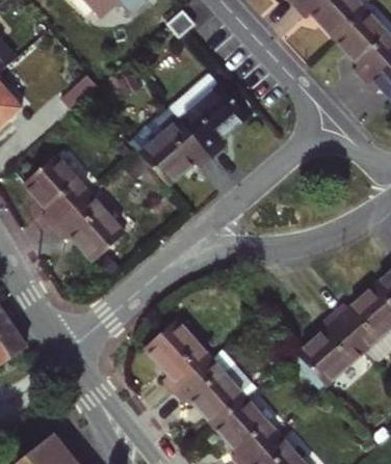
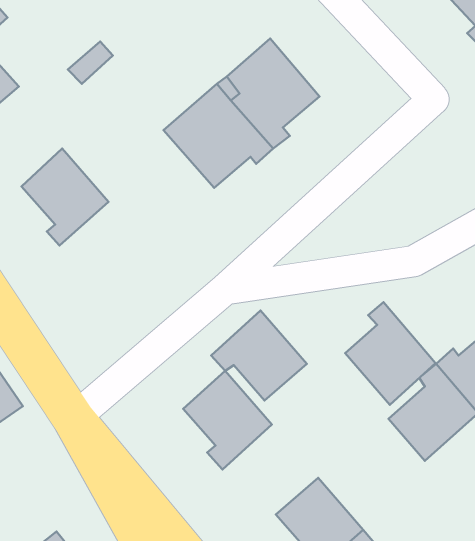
building: [54,194,127,262] -> none
building: none -> [345,302,436,405]
building: [175,358,245,425] -> [211,310,307,400]

